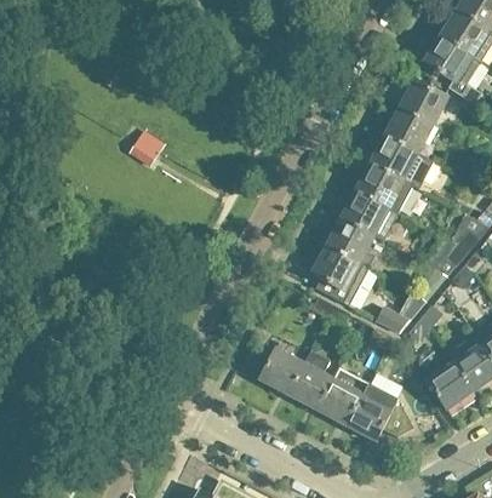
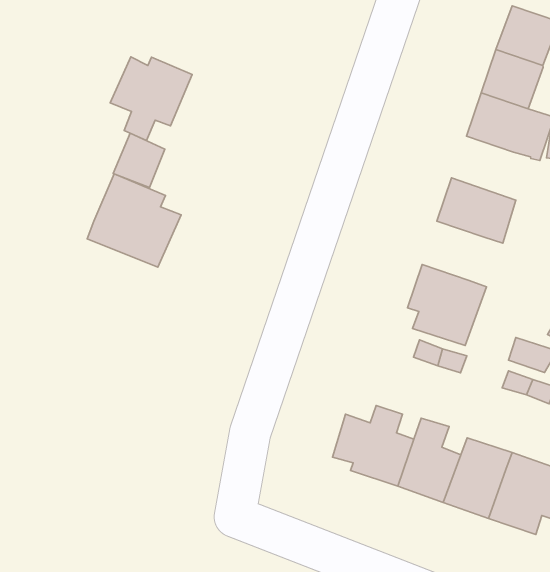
building: none -> [110,57,192,140]
building: none -> [87,174,181,267]
building: [356,164,412,212] -> none
building: [327,218,374,268] -> none

